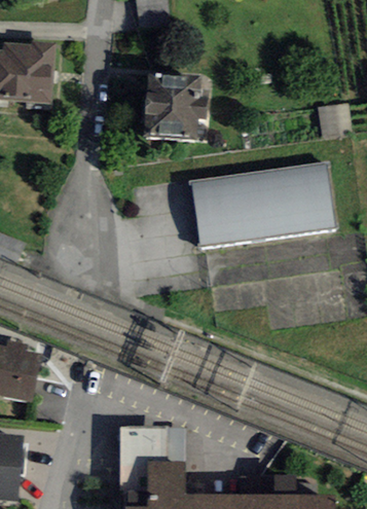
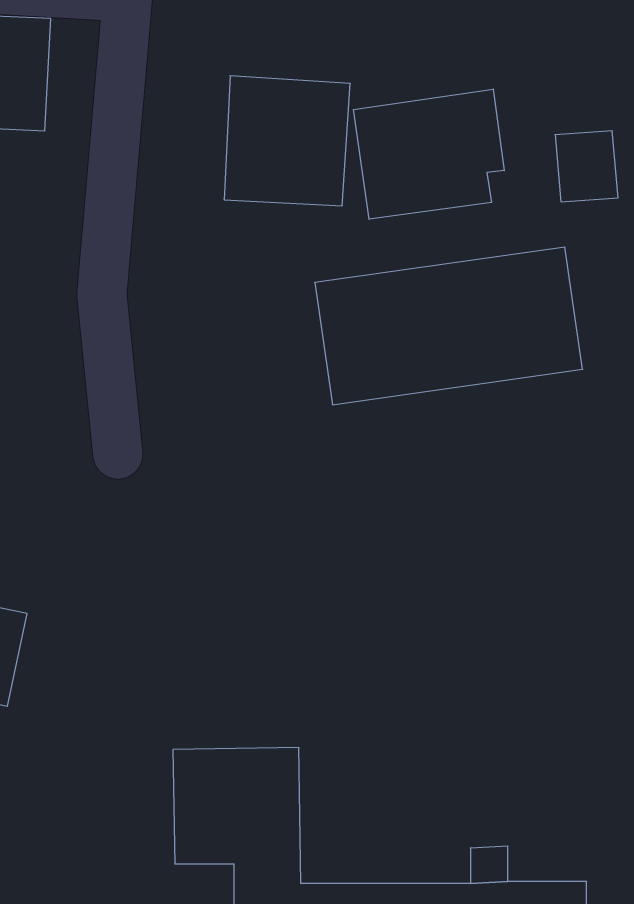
building: none -> [354,89,504,219]

